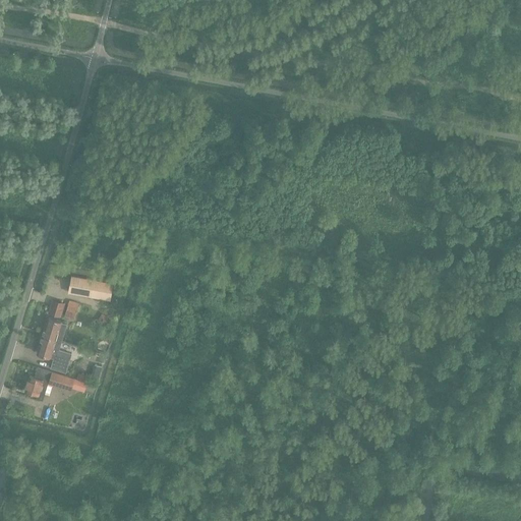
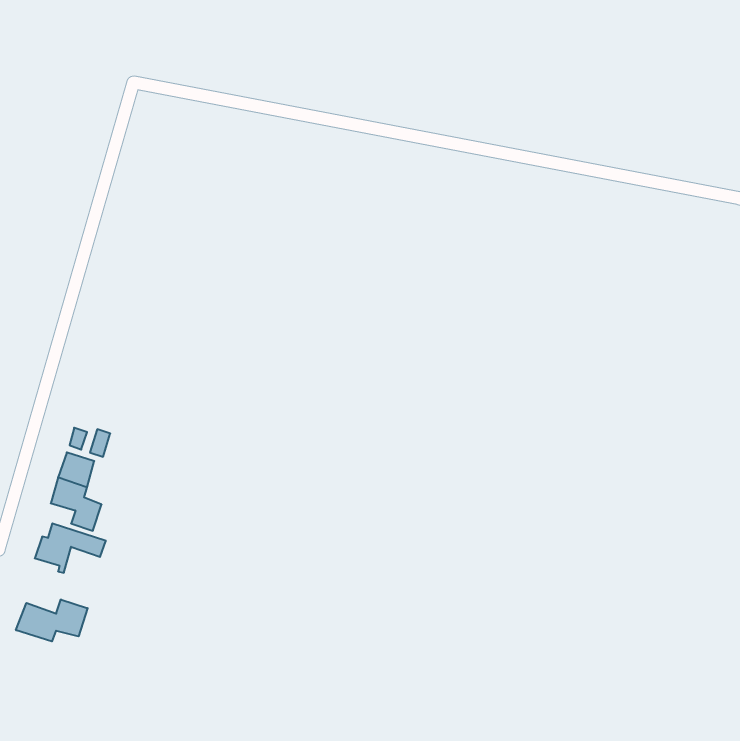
building: [68,276,113,300] -> none
building: none -> [16,599,88,641]

